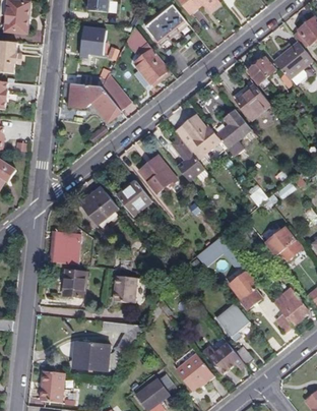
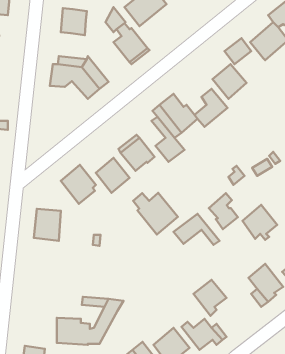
building: none -> [133,193,178,235]
building: [62,270,85,296] -> none
building: [232,273,261,309] -> [209,193,238,229]
building: [114,274,136,301] -> none

